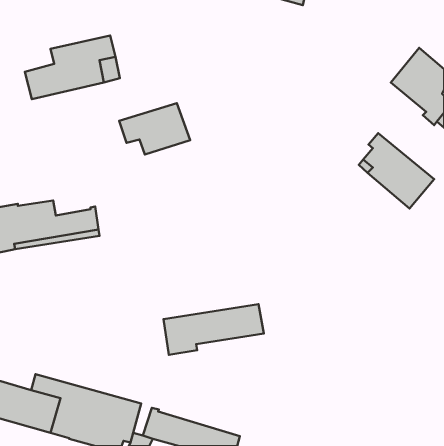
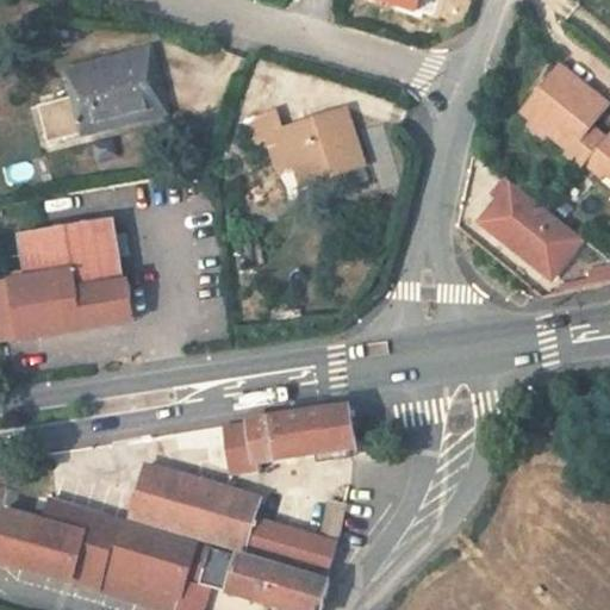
building: [119,103,190,154] -> [266,112,361,181]
building: none -> [17,216,122,290]
building: none -> [125,466,337,580]

